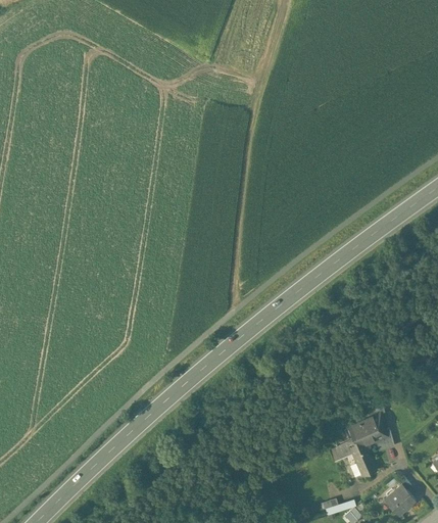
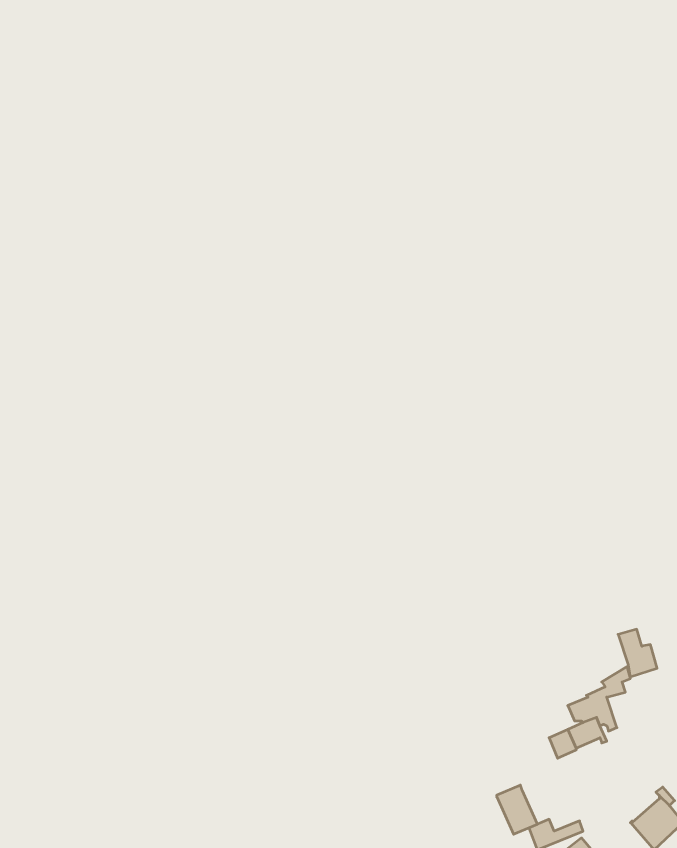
building: [369,421,392,449] -> [618,629,657,677]
building: [350,448,375,478] -> [497,785,537,834]

